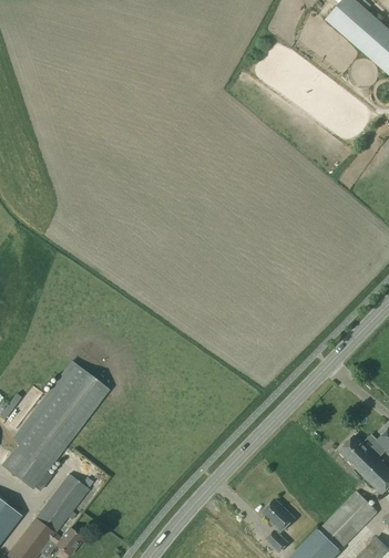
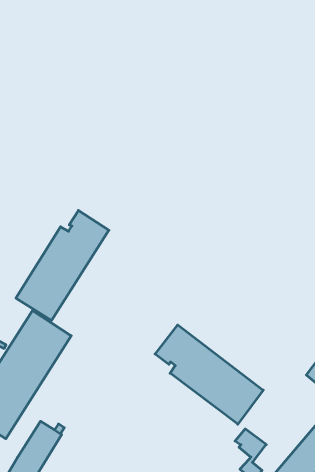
building: none -> [16,210,109,320]
building: none -> [155,325,263,424]

